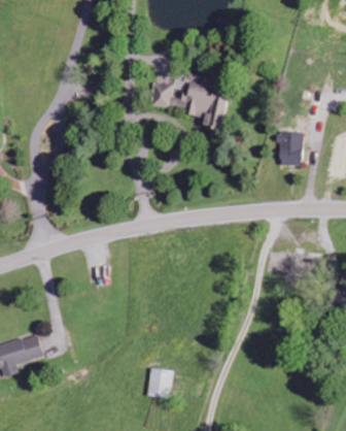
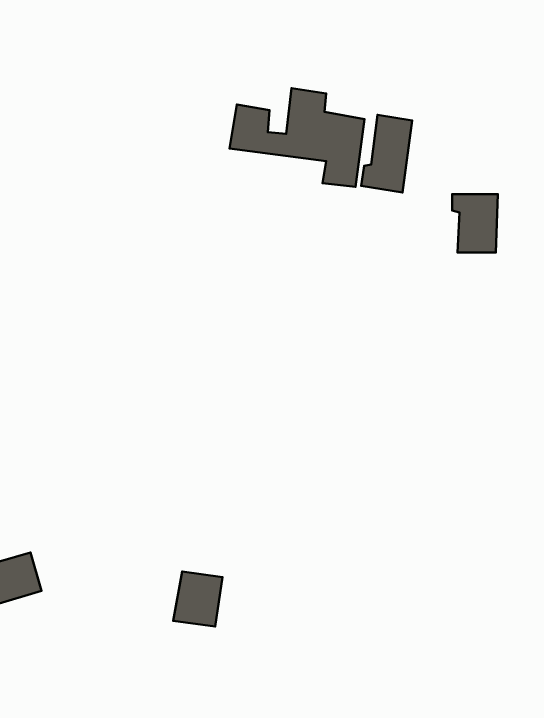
building: none -> [361,115,412,192]
building: [145,368,173,399] -> [173,572,222,626]

